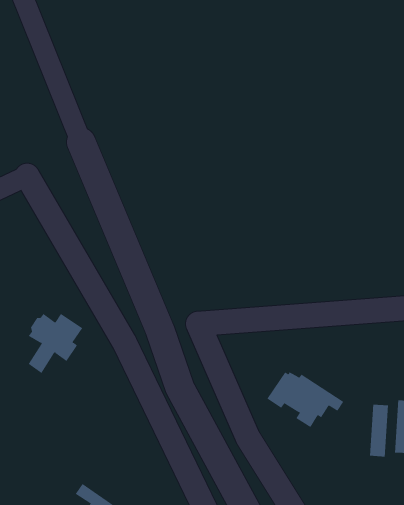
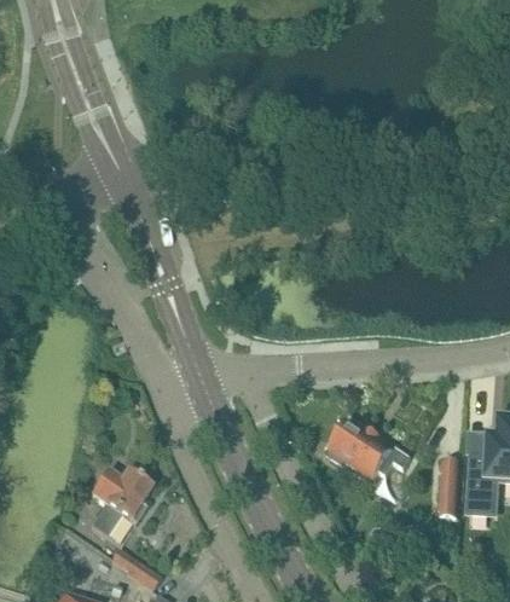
building: [28,313,83,374] -> [91,469,152,537]

